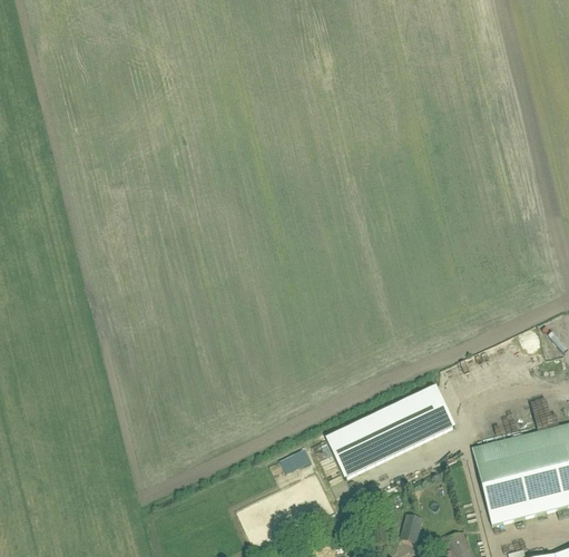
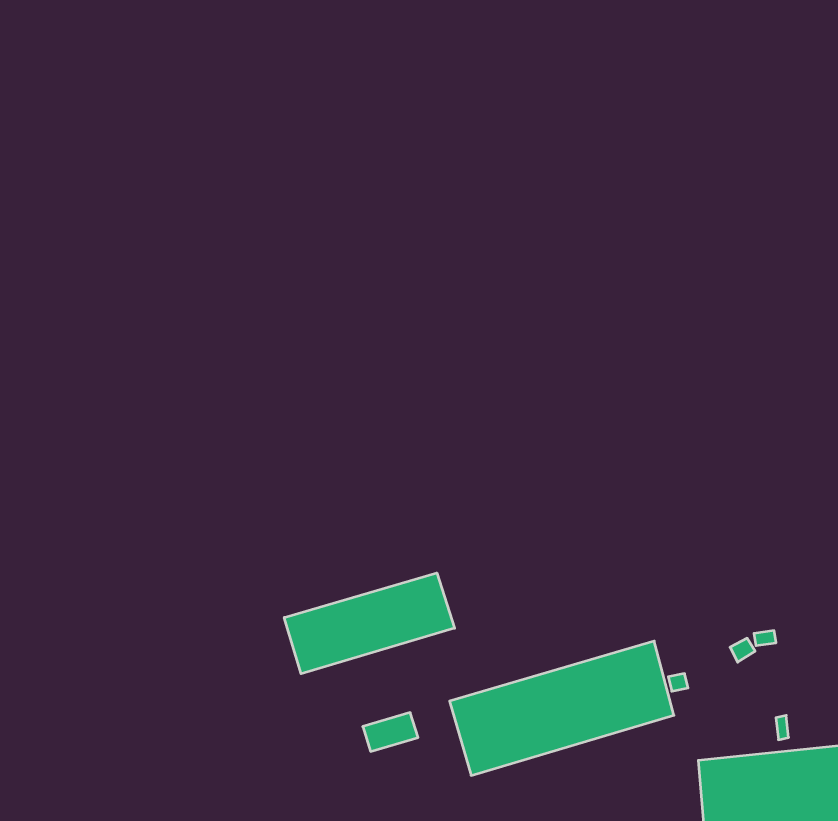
building: none -> [284,573,455,674]

